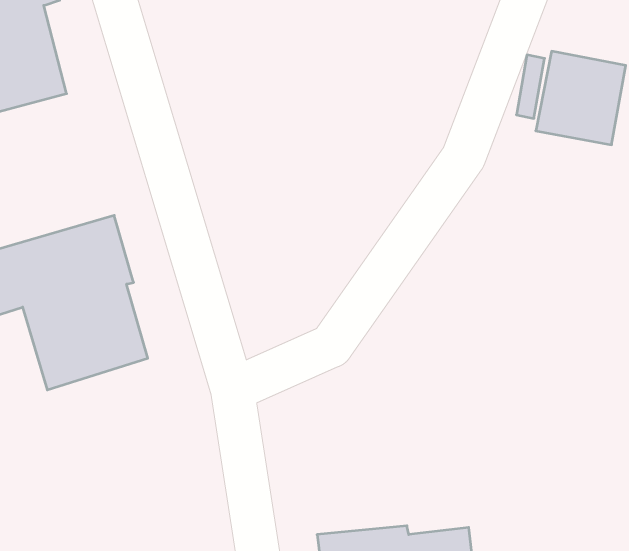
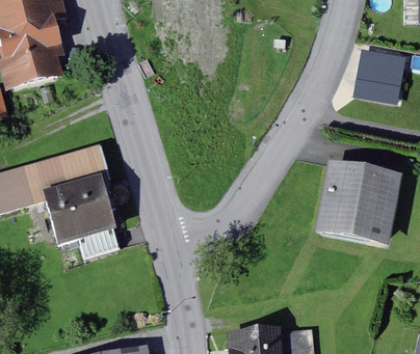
building: none -> [308,163,397,251]

